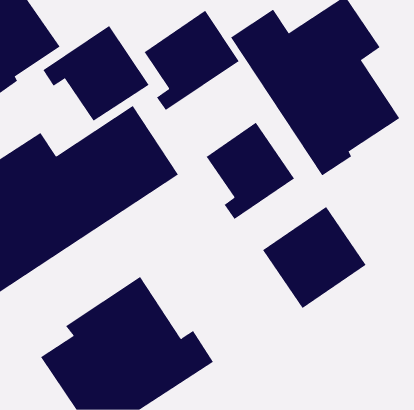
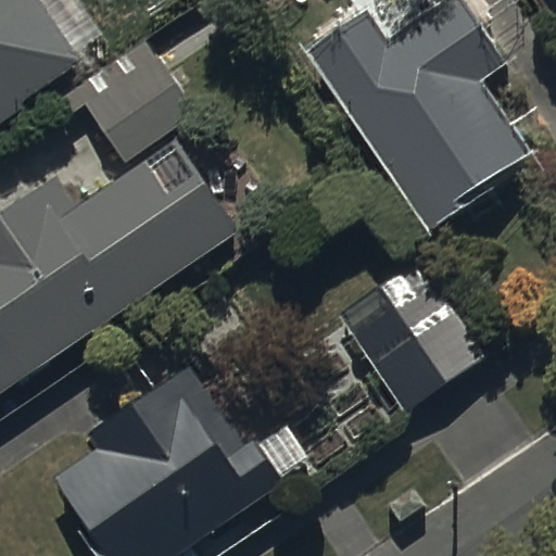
building: [144,10,240,111] -> none
building: [206,122,295,220] -> none

